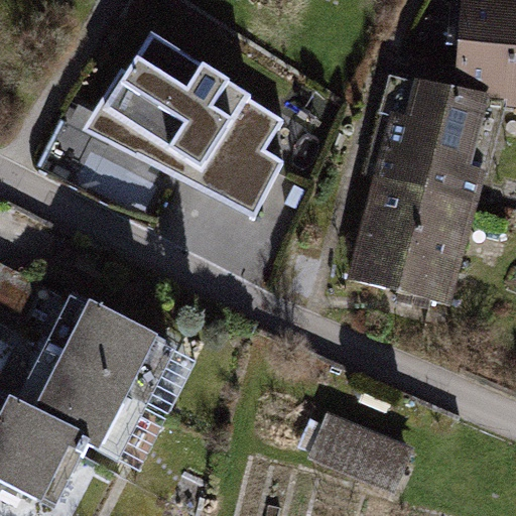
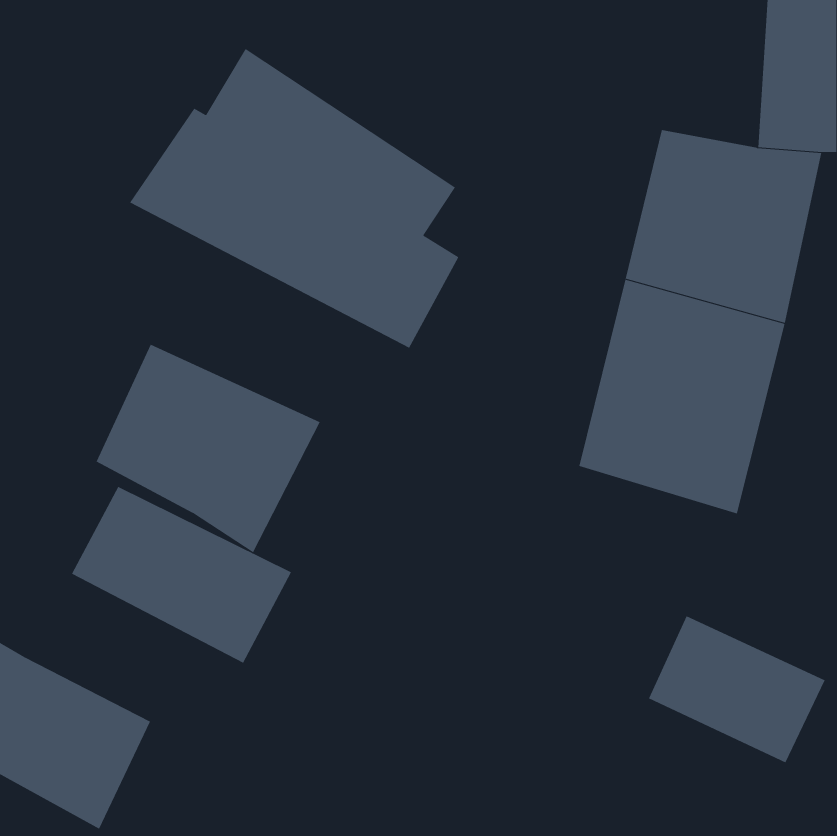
building: none -> [96,344,321,553]
building: [15,349,149,455] -> none
building: [302,406,410,496] -> [648,615,825,763]

